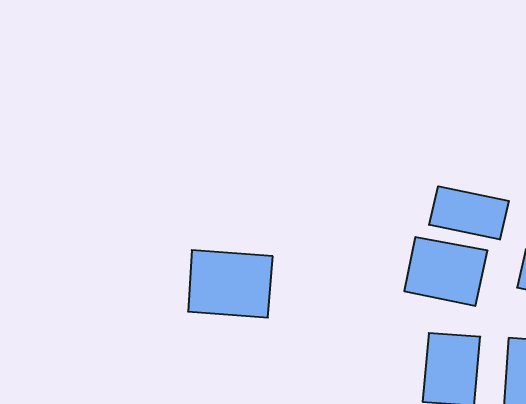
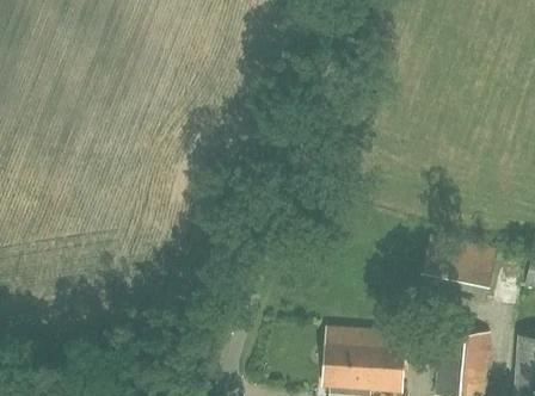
building: [429,186,509,240] -> none
building: [188,250,273,318] -> [321,324,404,390]

